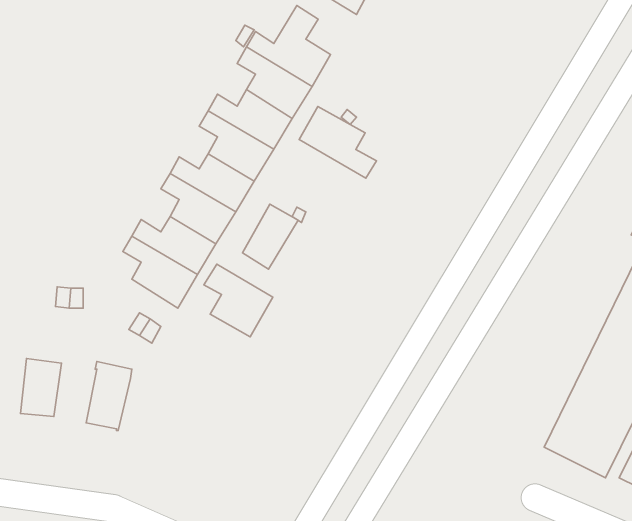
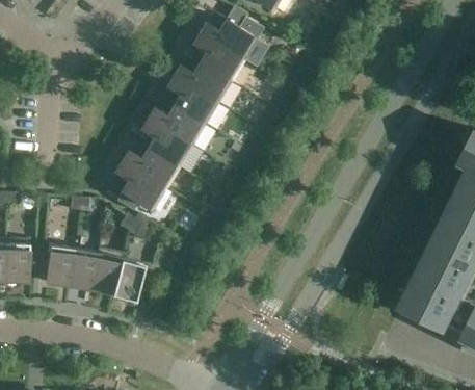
building: [299,106,376,178] -> none
building: [242,204,298,269] -> none
building: [204,264,273,337] -> none
building: none -> [67,250,96,290]
building: none -> [110,260,142,302]

